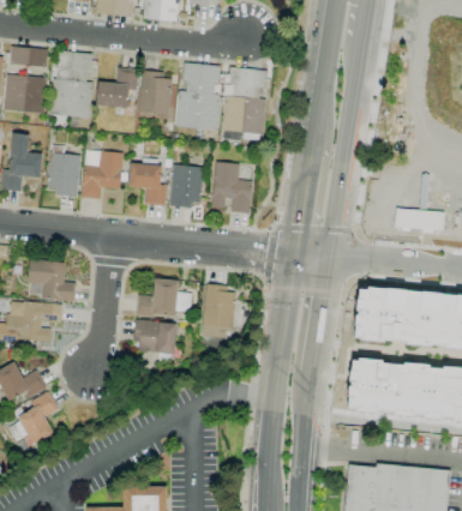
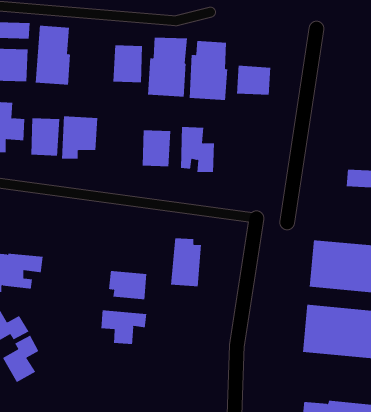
building: [96,67,137,108] -> none
building: none -> [236,65,271,95]
building: [128,163,167,205] -> none
building: [26,259,74,301] -> none
building: [136,278,178,318] -> none
building: none -> [101,310,147,345]

